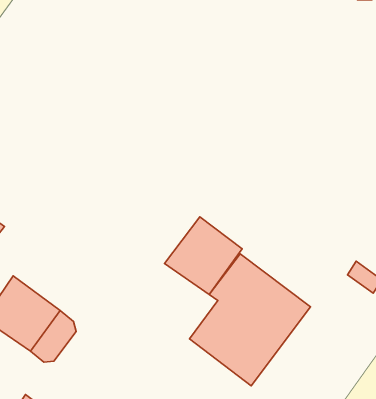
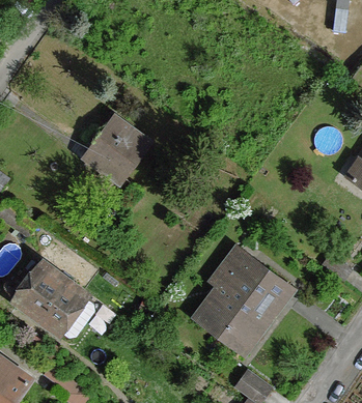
building: none -> [84,116,150,183]
building: [165,217,242,294] -> none

